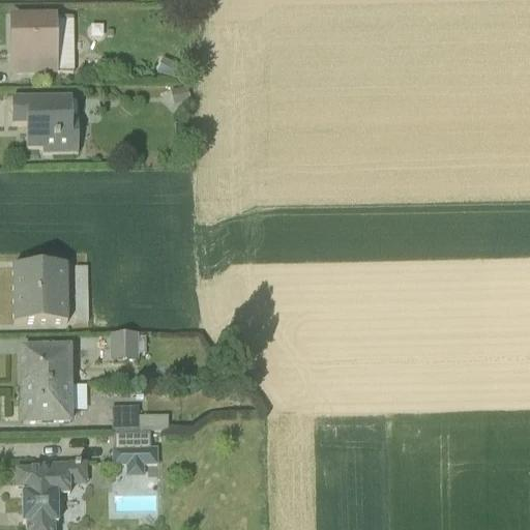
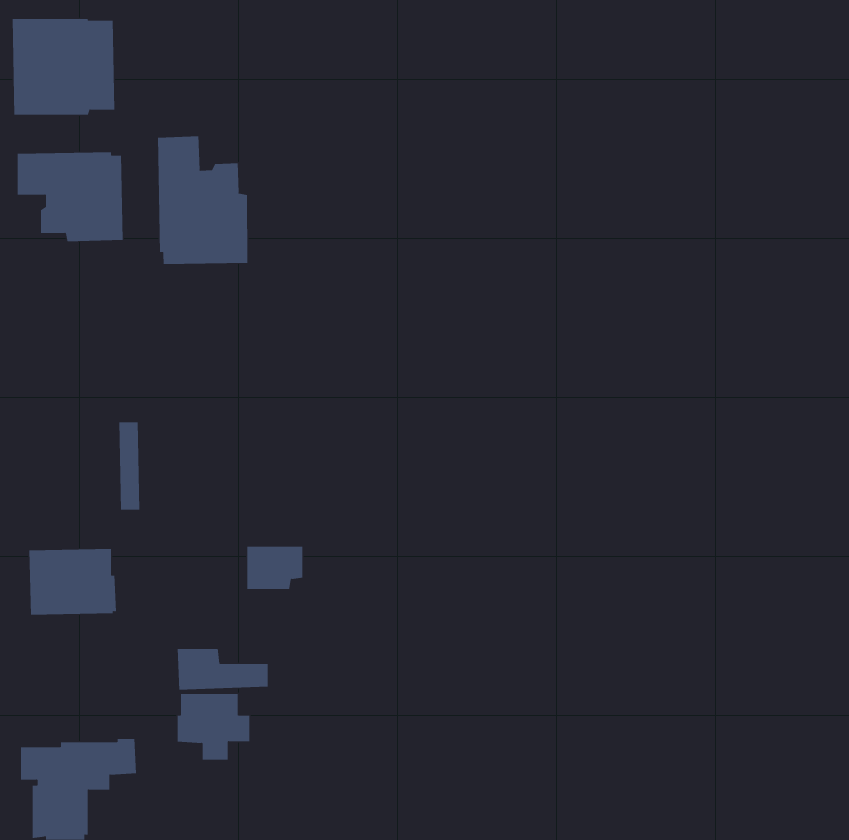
building: none -> [157,136,248,265]
building: [13,261,68,319] -> none
building: [111,329,146,356] -> [247,546,303,589]
building: [21,382,87,420] -> none

